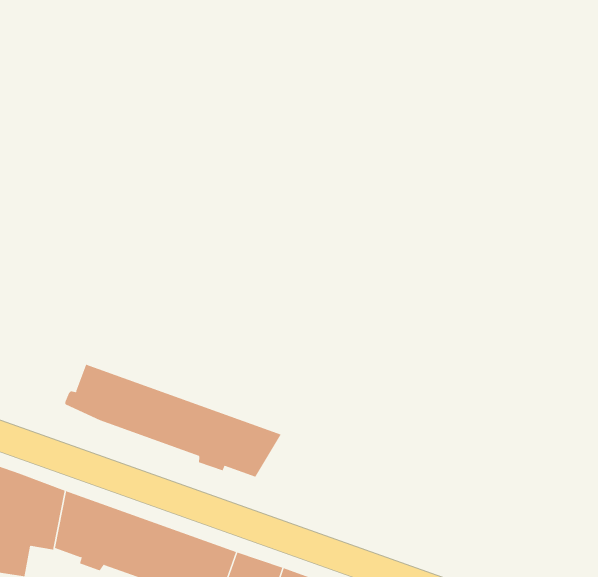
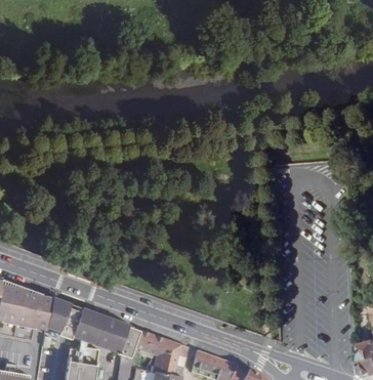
building: [65,364,282,478] -> none

